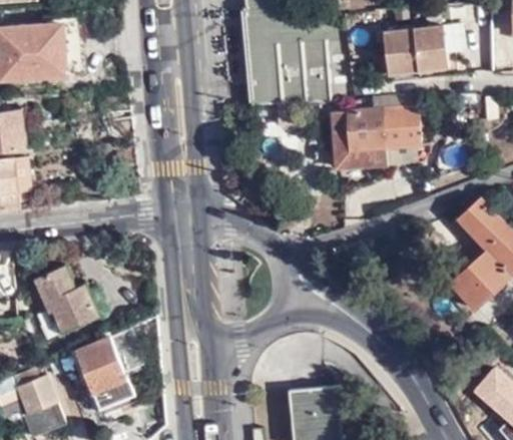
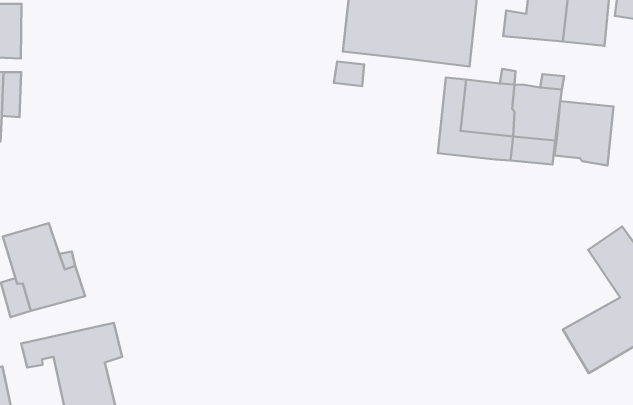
building: none -> [554,101,614,165]

